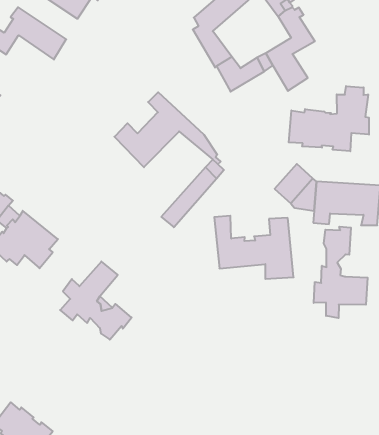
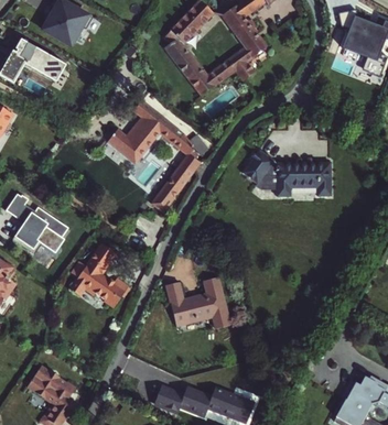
building: [289,86,369,151] -> none
building: [214,216,294,279] -> [160,282,229,334]
building: [314,227,368,318] -> none

